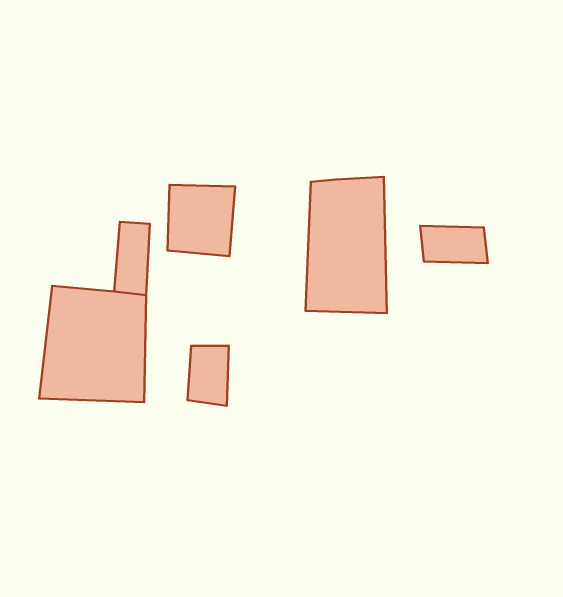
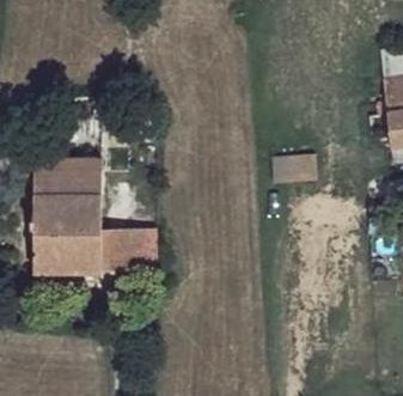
building: [306,177,387,313] -> none
building: [168,185,235,256] -> [38,154,81,200]

